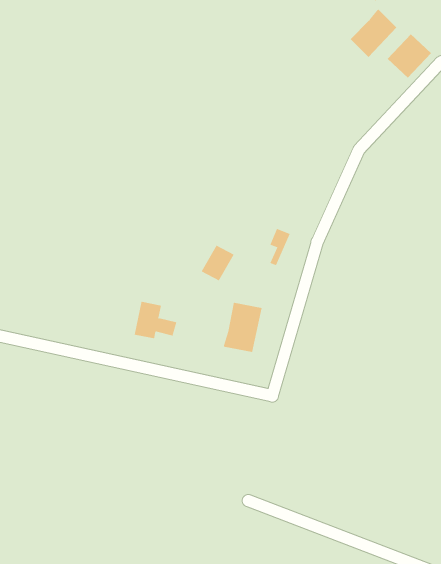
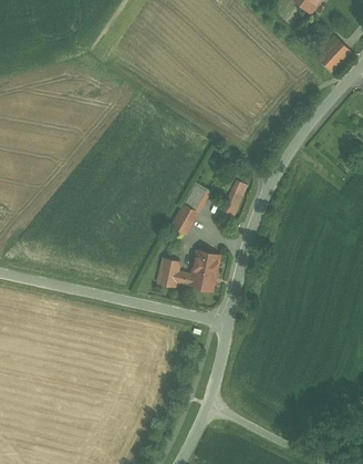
building: [350,9,397,58] -> none
building: [134,301,177,339] -> [158,257,193,287]

